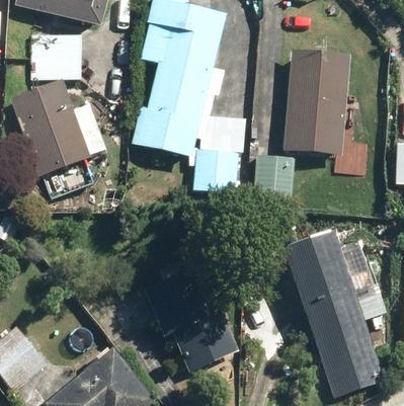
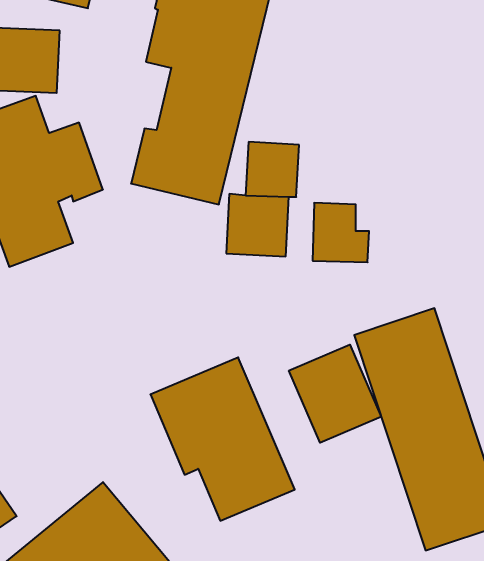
building: [287,52,347,153] -> none
building: none -> [289,345,381,443]

